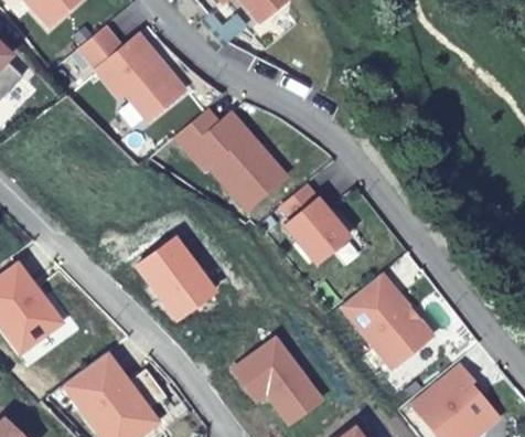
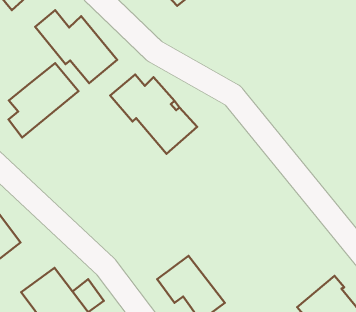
building: none -> [8,63,79,137]
building: [281,185,349,262] -> none
building: [139,237,215,317] -> none
building: [343,273,431,365] -> none

